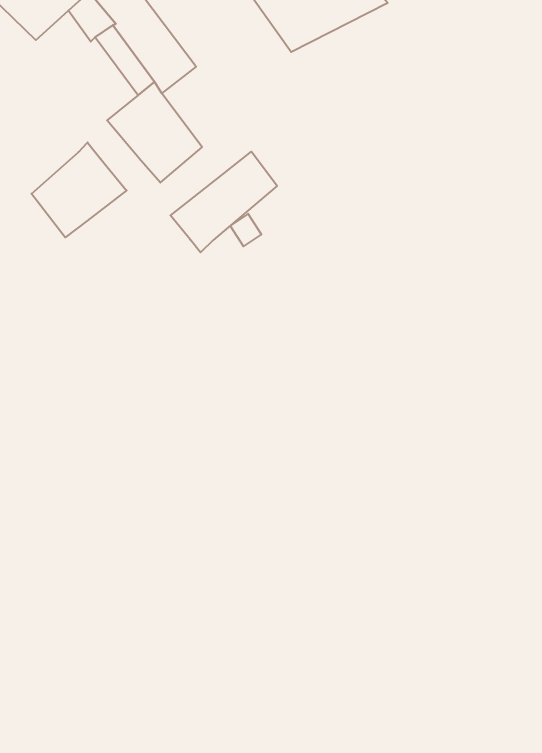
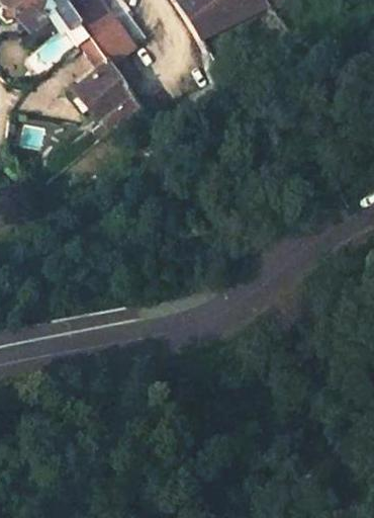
building: [31,142,127,237] -> none
building: [170,152,277,252] -> none

